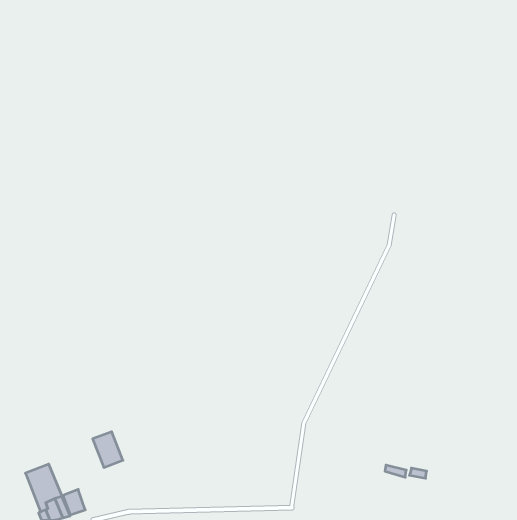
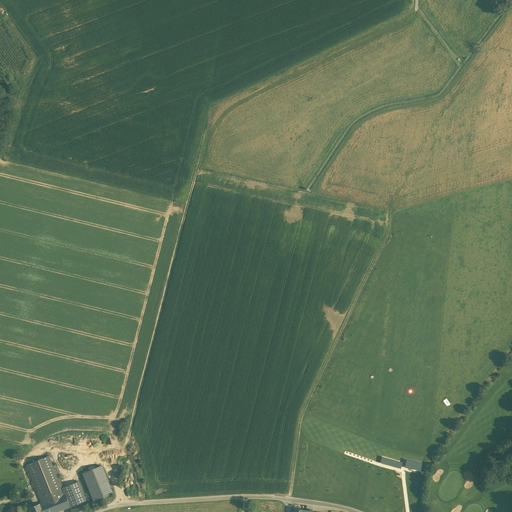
building: [93,432,123,467] -> [81,466,111,501]

